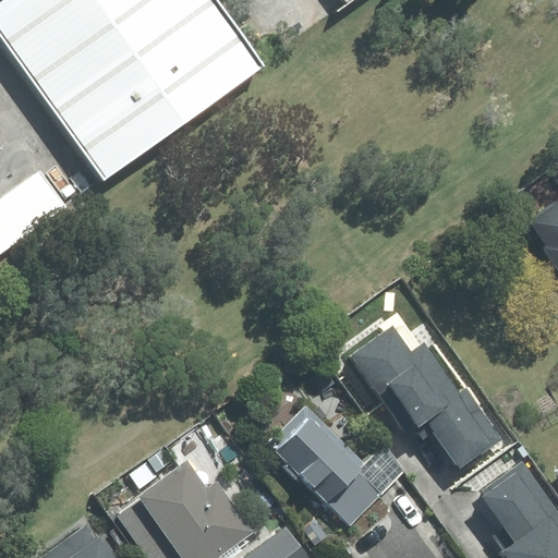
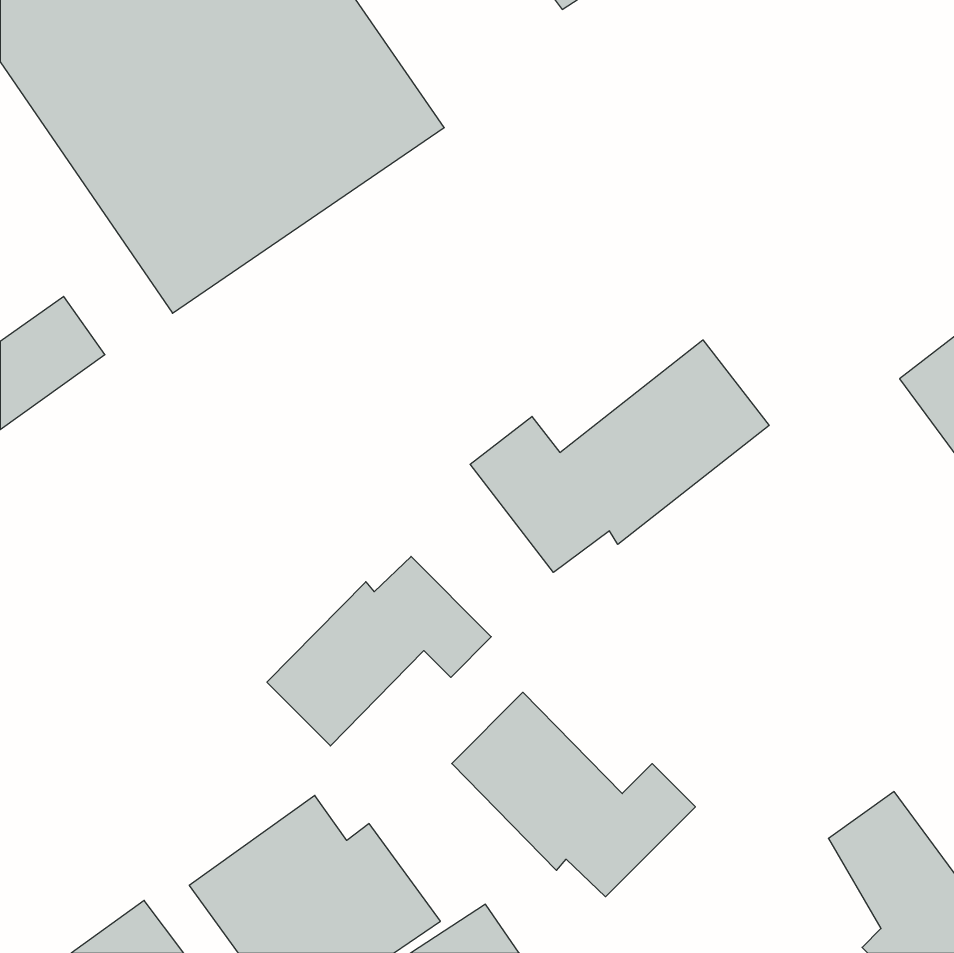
building: none -> [470,340,769,572]
building: [343,316,505,477] -> none
building: none -> [267,556,491,746]

